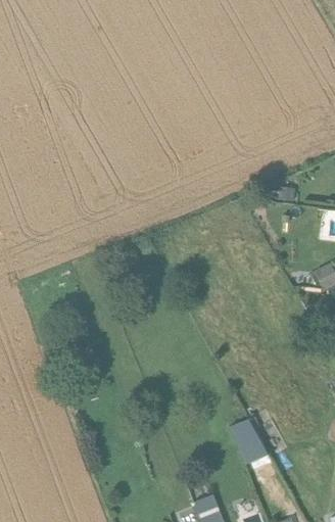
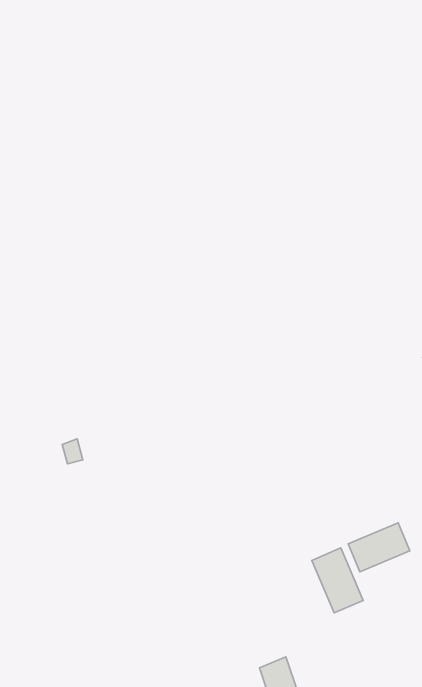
building: none -> [348,523,410,572]

